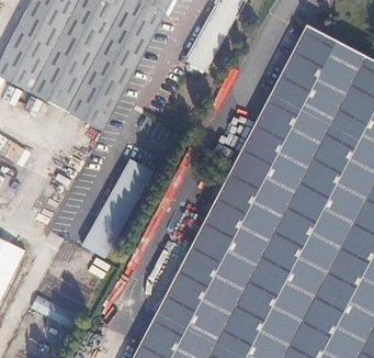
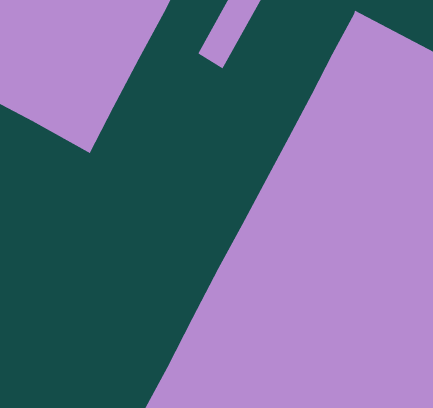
building: [81,158,154,258] -> none

